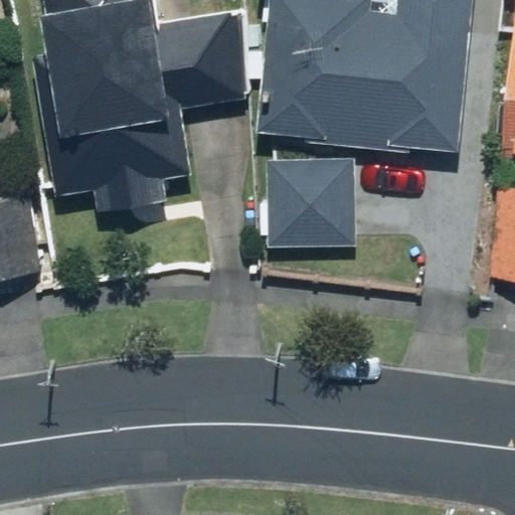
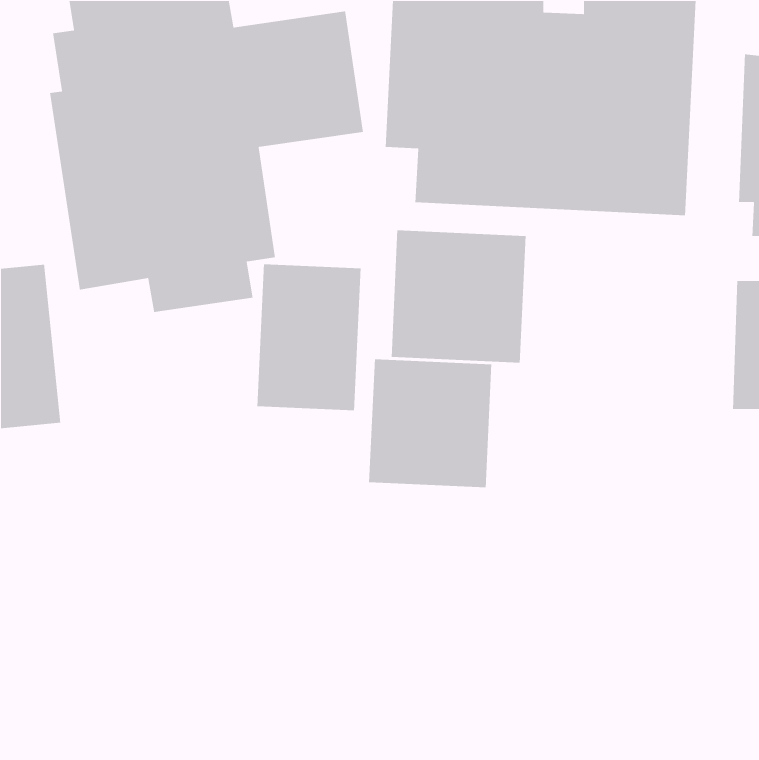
building: none -> [256,264,361,411]
building: none -> [368,358,492,488]

